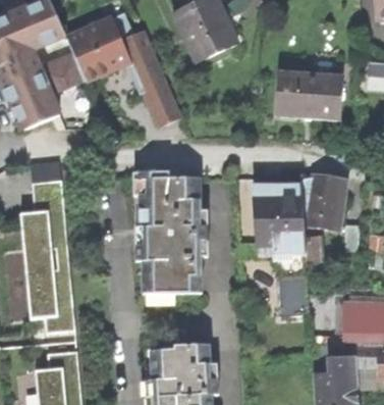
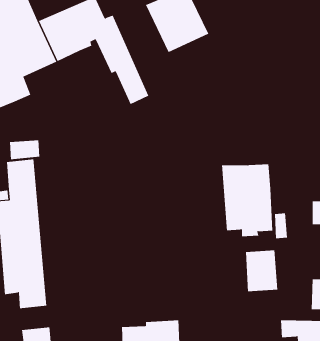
building: [277,71,340,116] -> none
building: [299,172,344,227] -> none
building: [139,178,201,292] -> none

